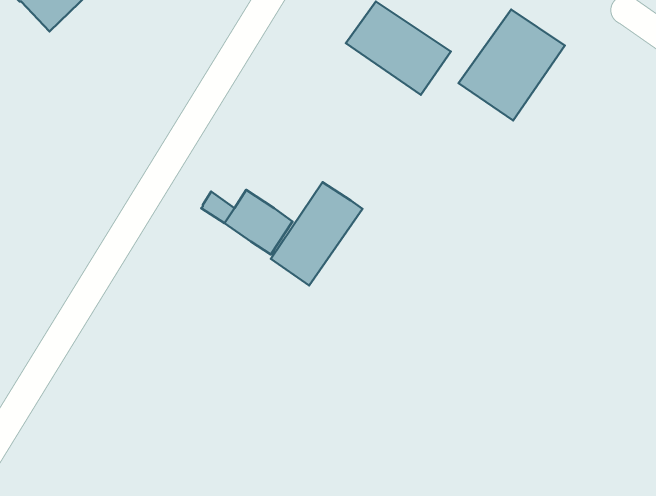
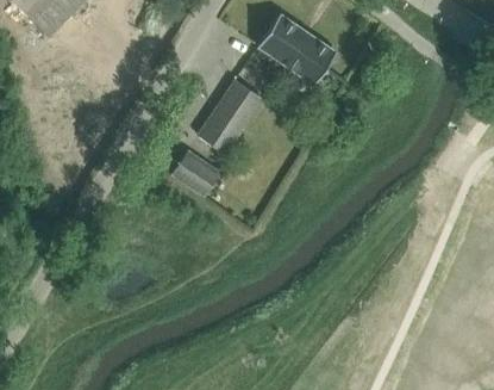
building: [458,10,565,121] -> none
building: [271,182,363,285] -> [199,79,264,153]

